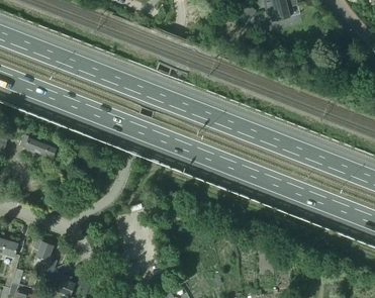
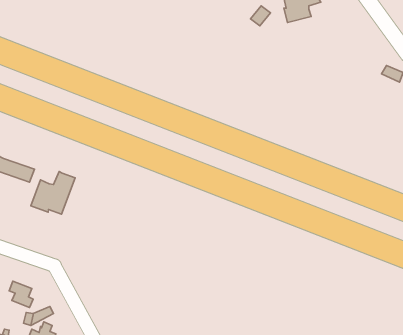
building: none -> [31,172,75,214]

